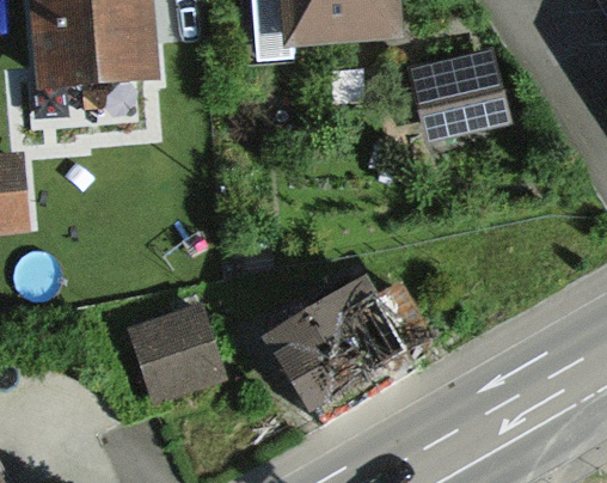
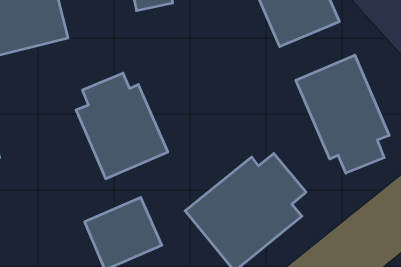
building: none -> [76,73,168,179]
building: none -> [296,55,389,173]

